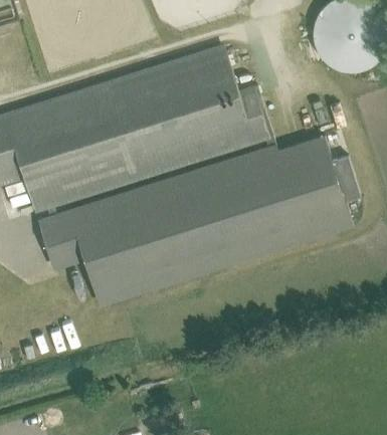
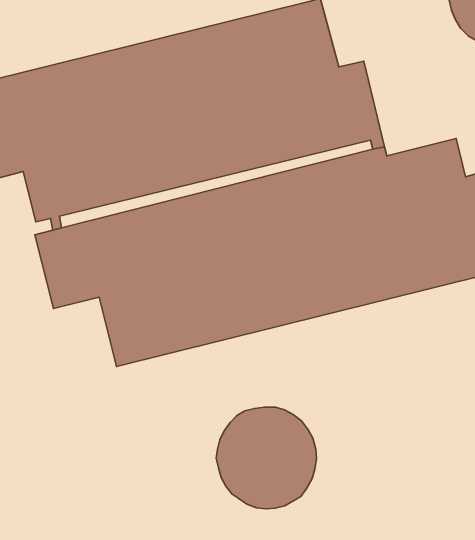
building: none -> [216,407,316,509]

